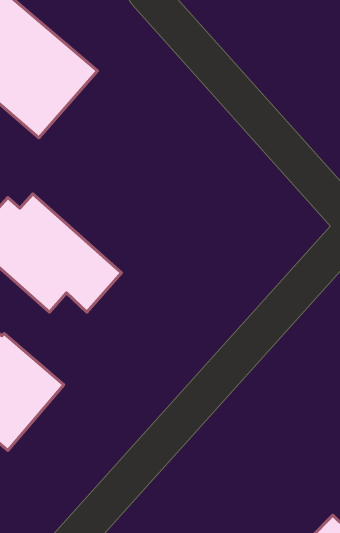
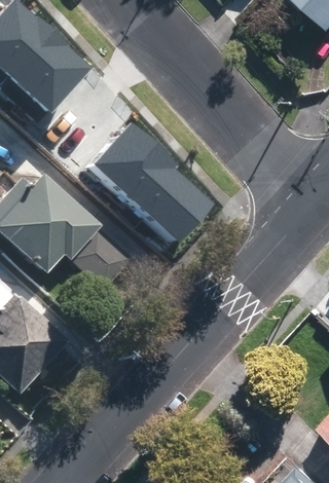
building: none -> [94,122,214,244]

